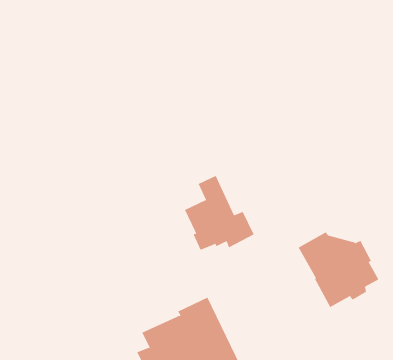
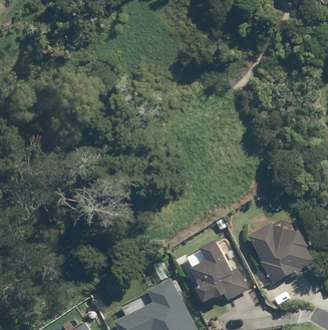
building: [184,175,254,250] -> [190,242,247,303]

